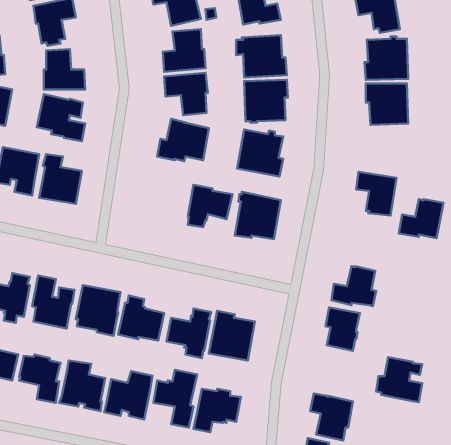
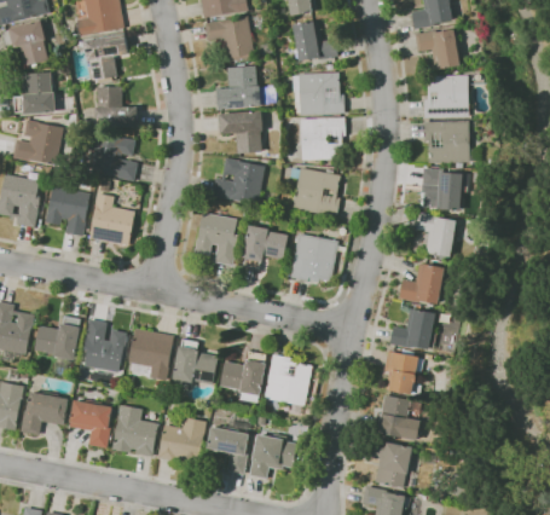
building: none -> [421,168,462,210]
building: none -> [192,212,237,266]
building: [399,199,444,238] -> [398,264,444,303]
building: [376,357,422,402] -> [372,394,419,440]

